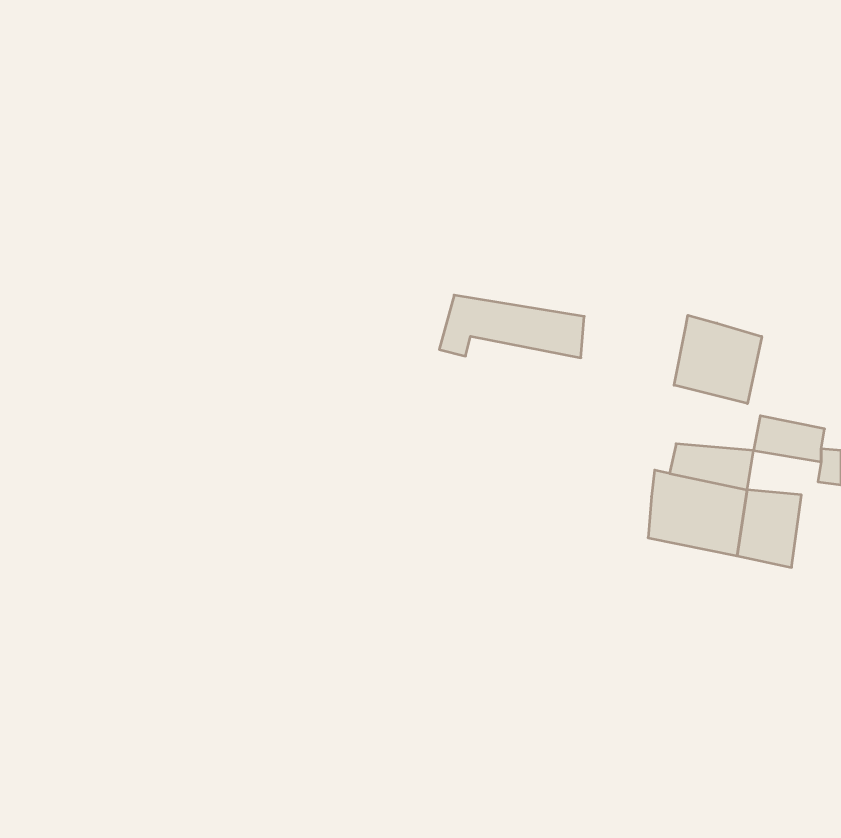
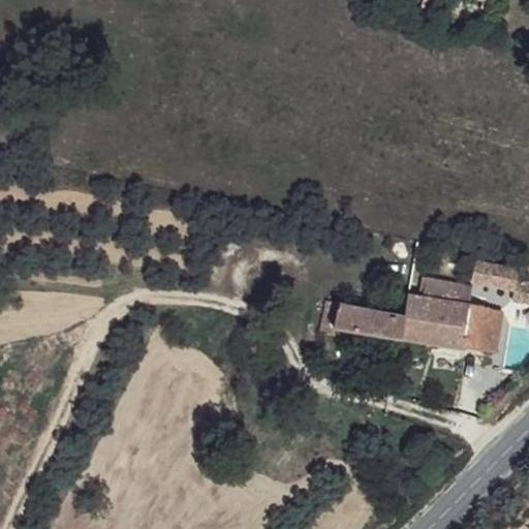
building: [439,295,584,358] -> [317,301,408,340]
building: [674,315,762,404] -> none

